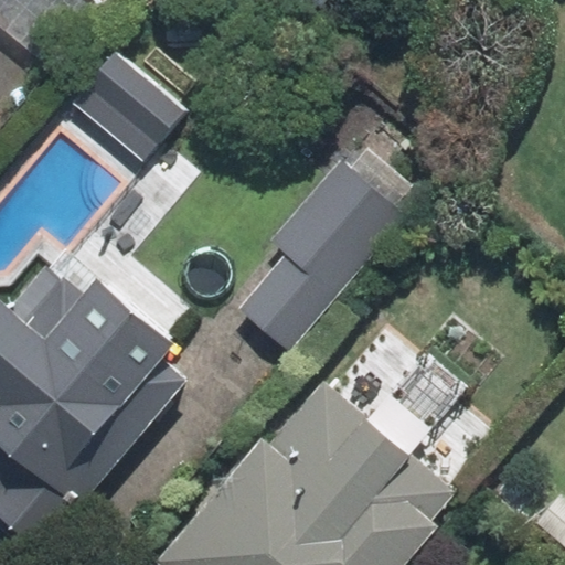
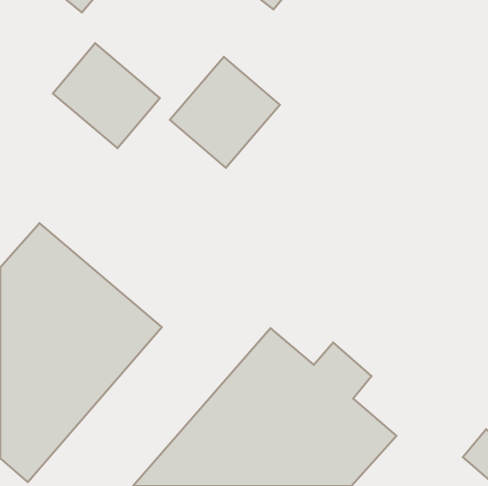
building: none -> [170,57,280,168]
building: [238,138,429,356] -> none

